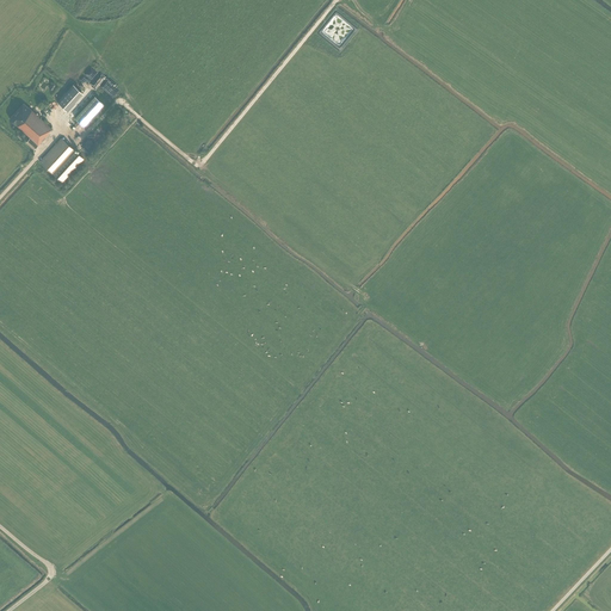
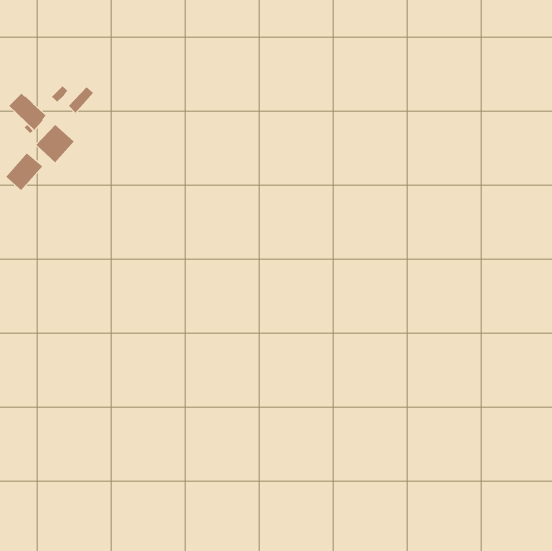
building: none -> [6,152,43,191]

